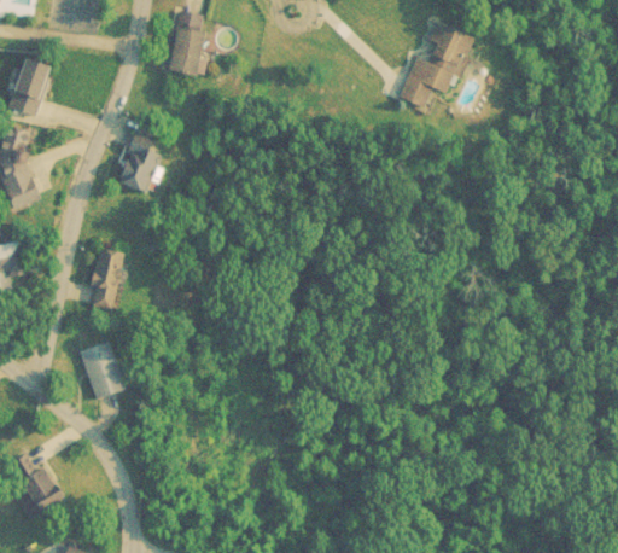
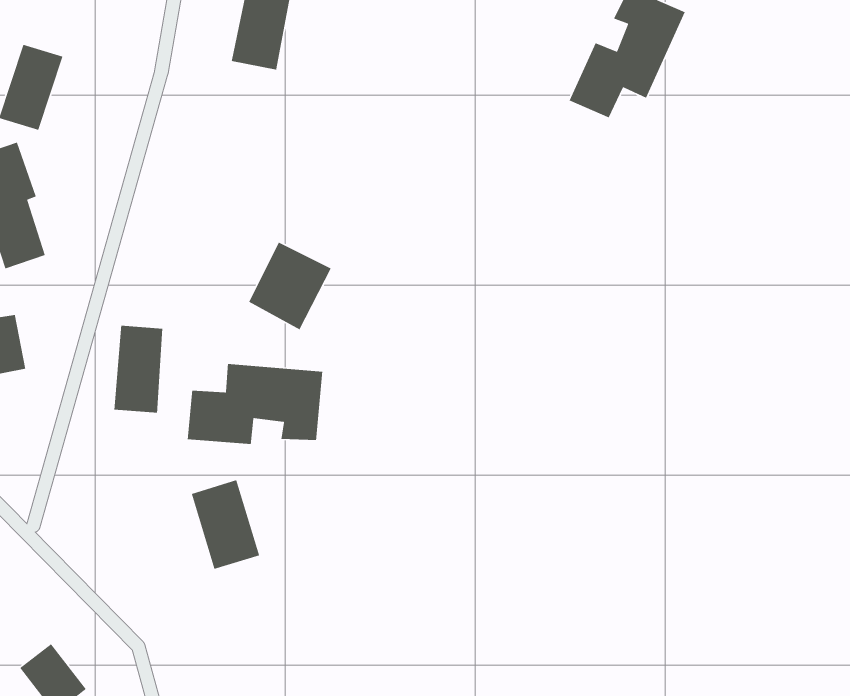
building: [107,138,164,198] -> [248,242,332,331]
building: none -> [187,363,323,445]
building: [75,339,122,401] -> [191,479,260,570]

